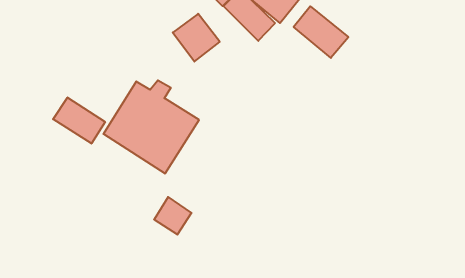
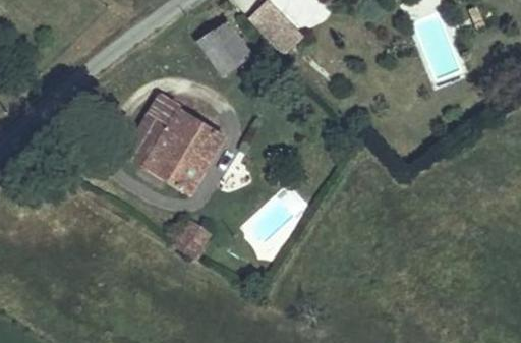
building: [294,6,348,58] -> none
building: [53,97,105,144] -> none

